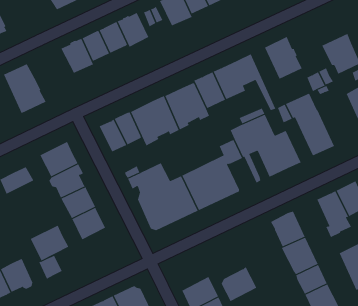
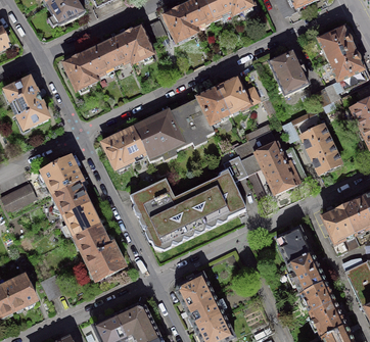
building: none -> [318,27,354,59]
building: [30,225,69,261] -> [84,242,124,279]
building: [221,267,257,302] -> [176,272,213,307]

